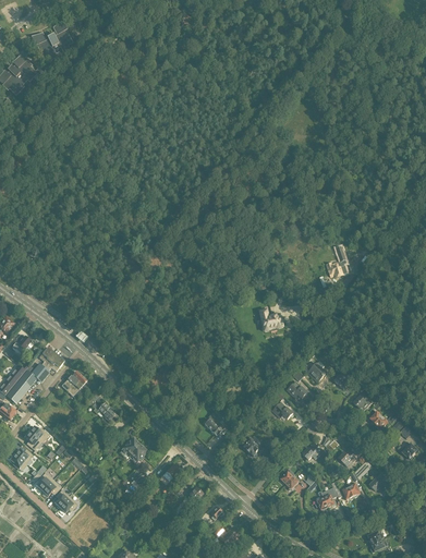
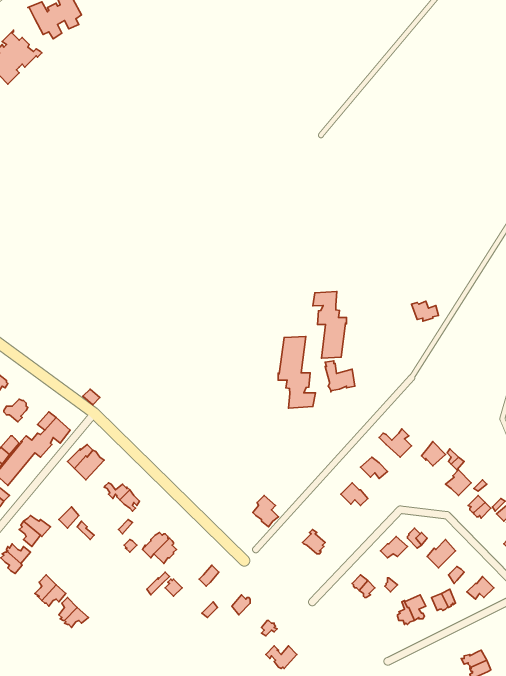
building: none -> [313,292,347,358]
building: none -> [278,336,315,408]

